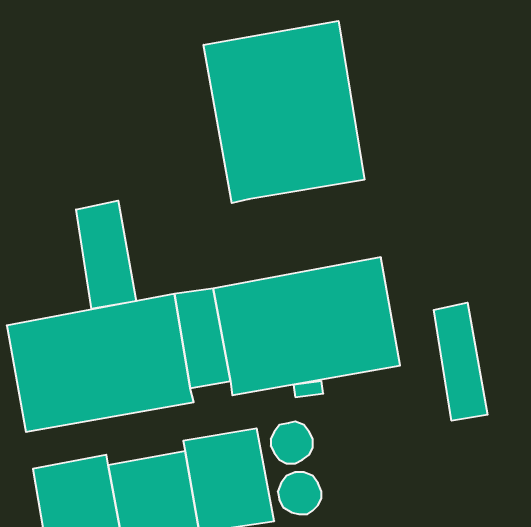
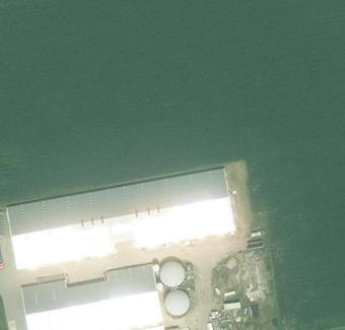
building: [204,21,364,203] -> none
building: [76,201,136,309] -> none
building: [434,303,488,421] -> none

